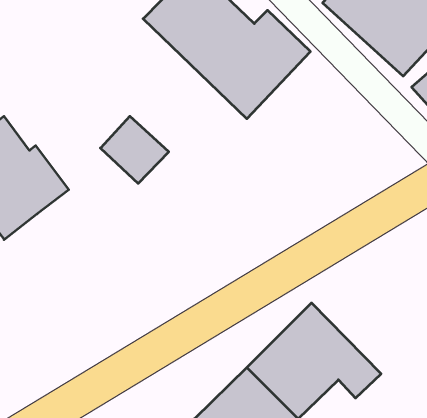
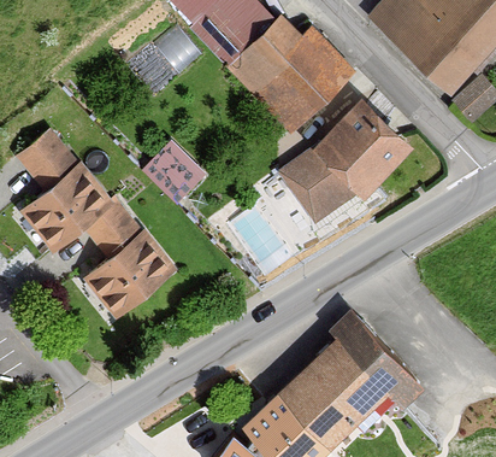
building: none -> [278,98,406,224]
building: none -> [81,200,178,321]

